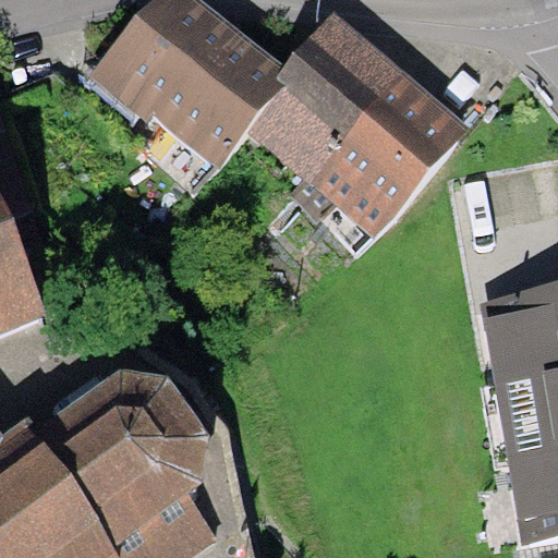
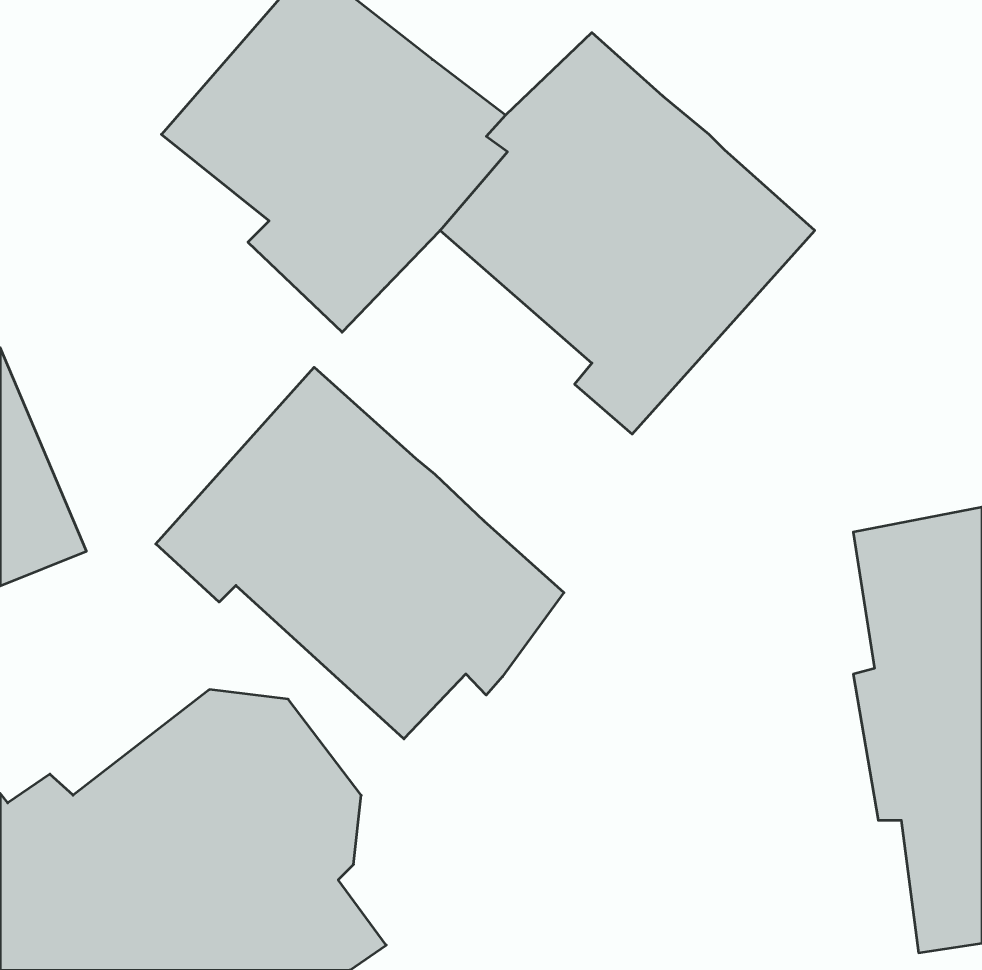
building: none -> [156,367,564,739]

